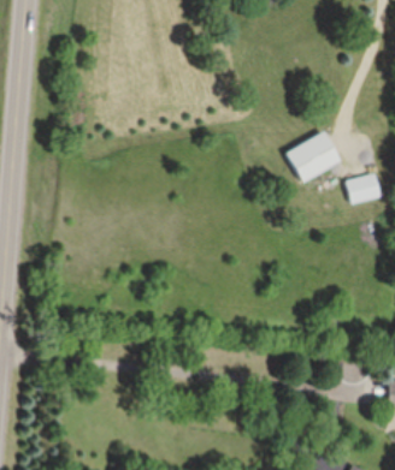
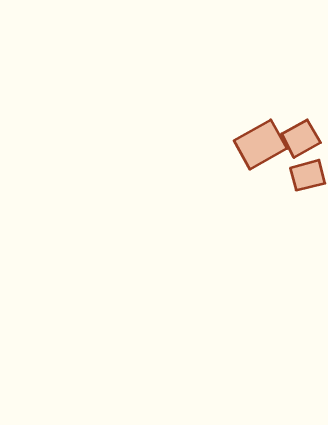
building: none -> [282,120,321,158]

